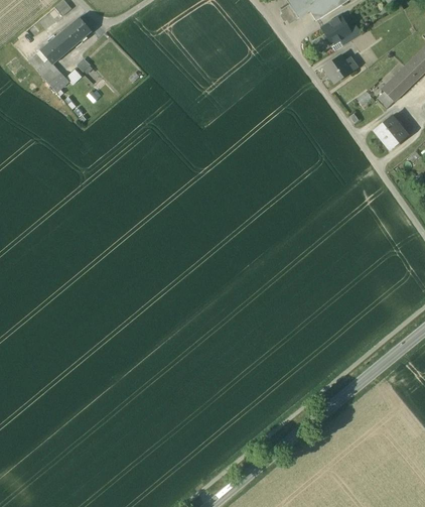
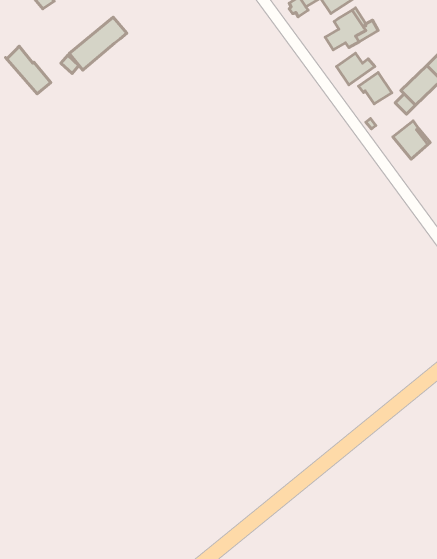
building: [40,16,92,64] -> [69,17,127,70]
building: none -> [359,72,392,104]

